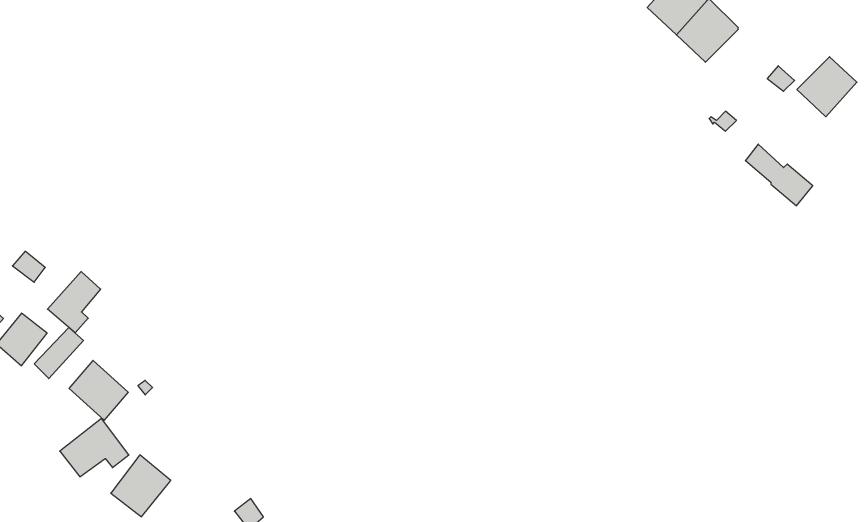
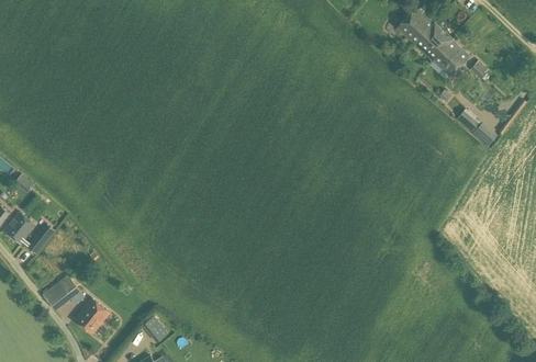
building: [797,57,857,117] -> [433,41,469,77]
building: [47,272,101,333] -> none
building: [69,360,128,420] -> none

